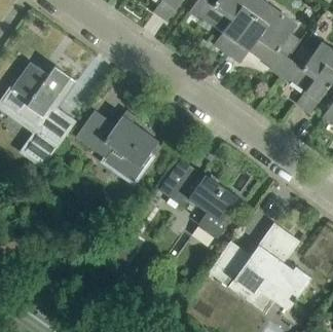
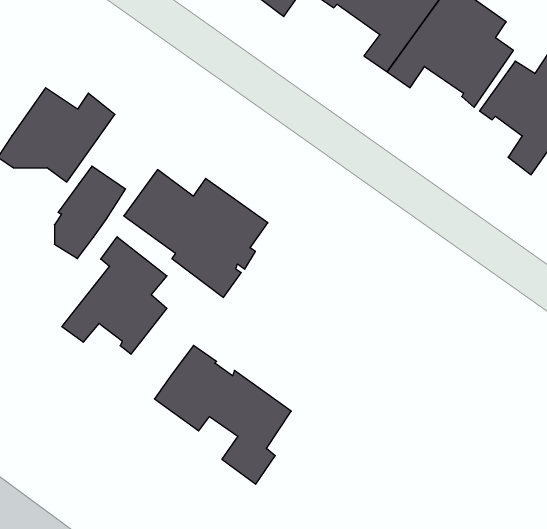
building: none -> [62,237,167,354]
building: [158,158,237,238] -> [154,345,291,484]
building: [208,222,310,309] -> none

